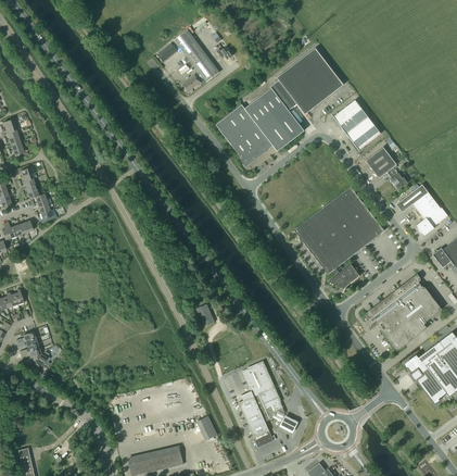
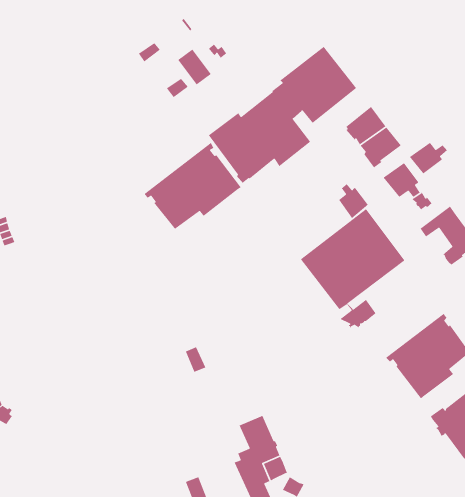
building: [174,30,203,61] -> none
building: none -> [143,142,242,230]
building: none -> [409,142,448,175]
building: none -> [338,183,369,219]

